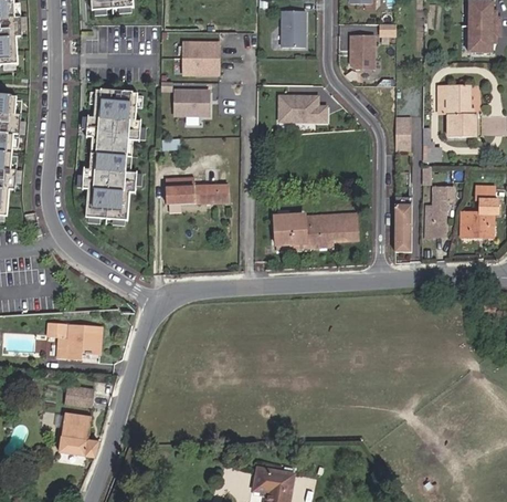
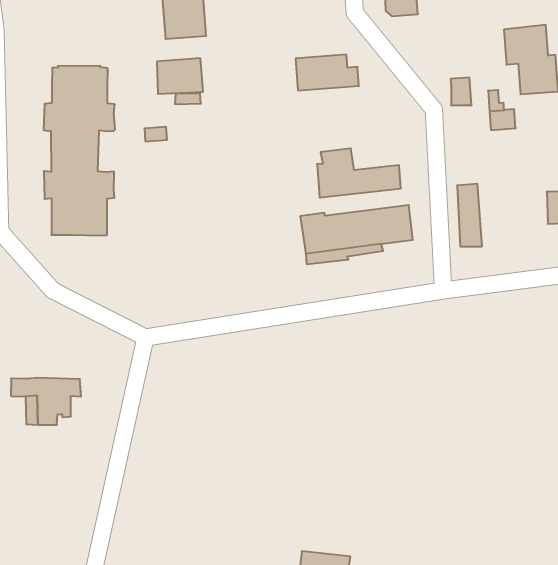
building: [167,168,229,203] -> [317,148,401,198]
building: [426,187,454,236] -> none
building: [65,384,94,407] -> none
building: [59,411,97,457] -> none

